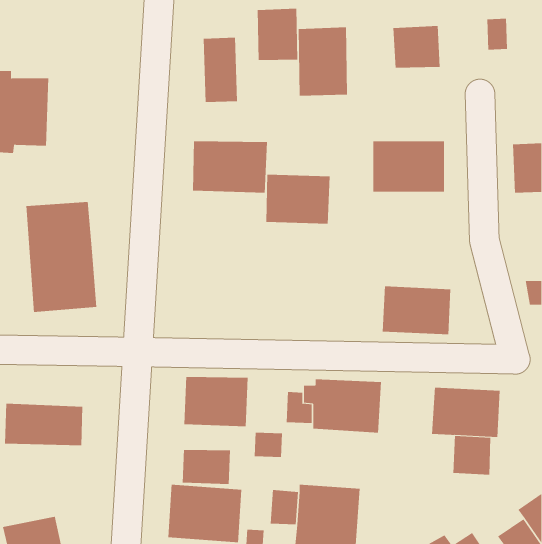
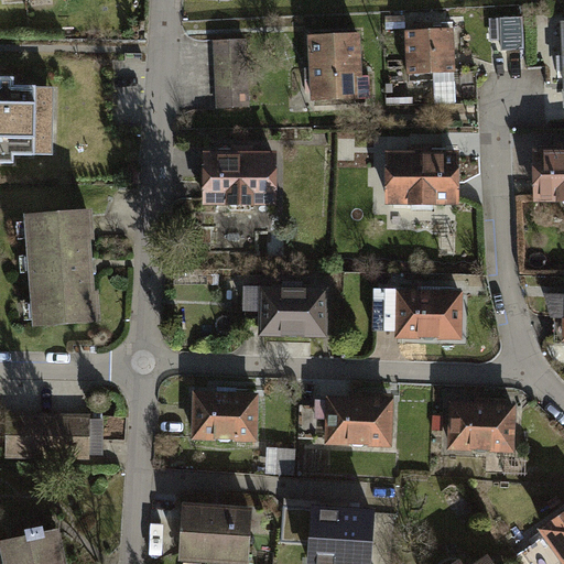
building: [257,8,298,61] -> none
building: [265,174,330,224] -> [261,291,328,343]
building: [453,435,491,476] -> none
building: [182,449,231,485] -> none

